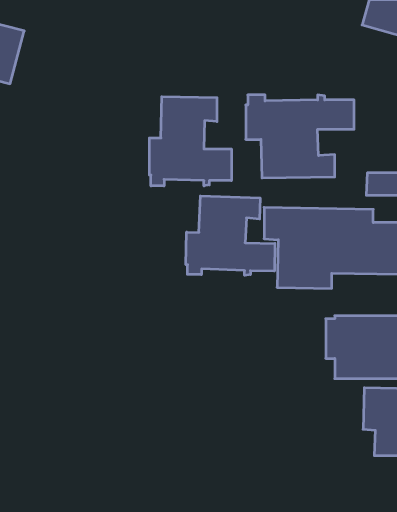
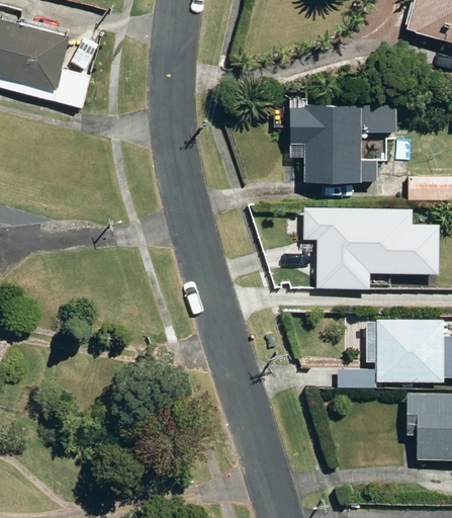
building: [149,97,231,186] -> none
building: [186,196,275,275] -> none

